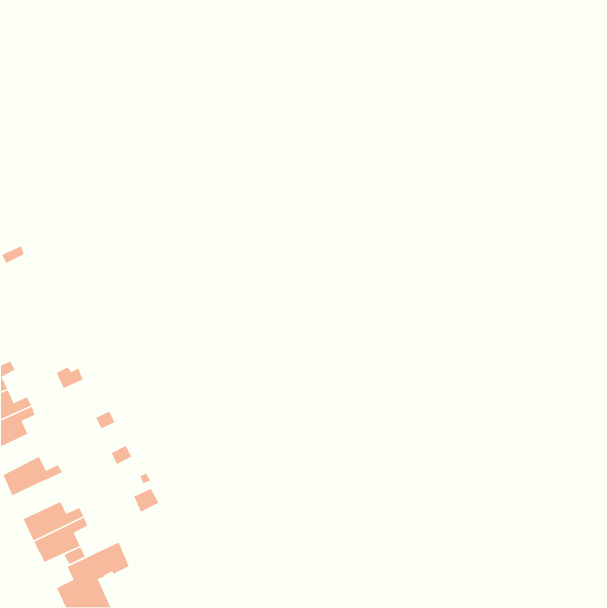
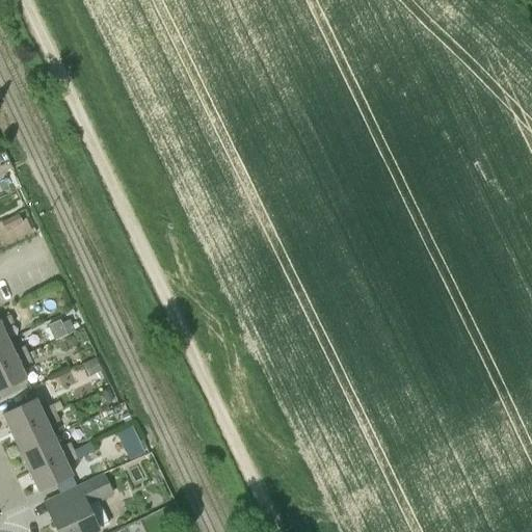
building: none -> [11,413,60,453]

